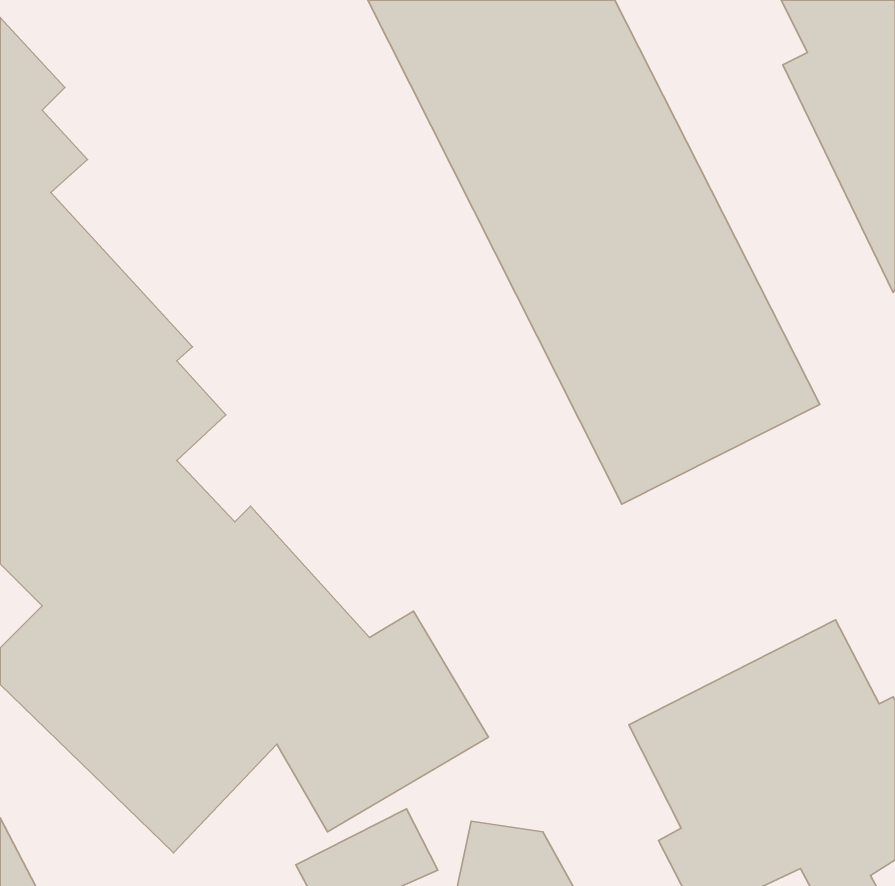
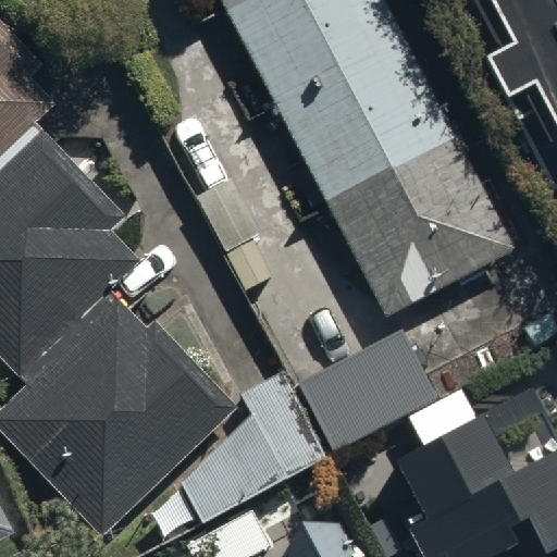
building: none -> [301,335,430,447]

